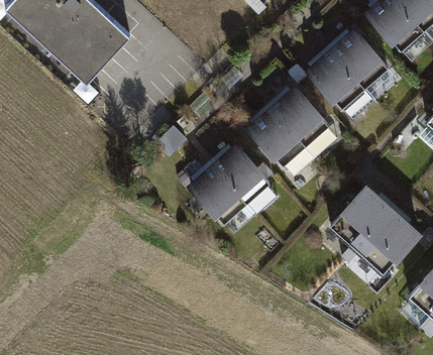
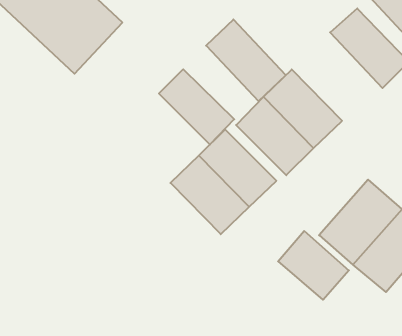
building: [301,45,374,121] -> [206,19,286,101]
building: none -> [159,69,234,145]
building: none -> [278,231,349,300]

